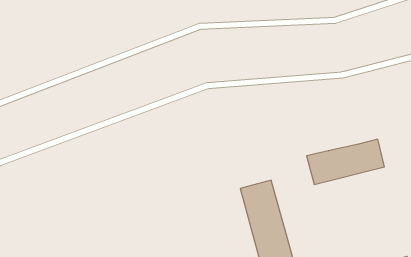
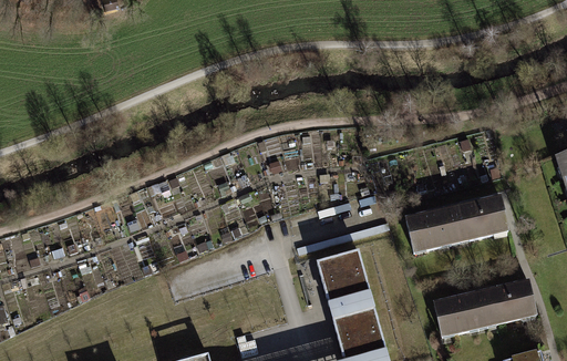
building: none -> [433,278,536,338]

